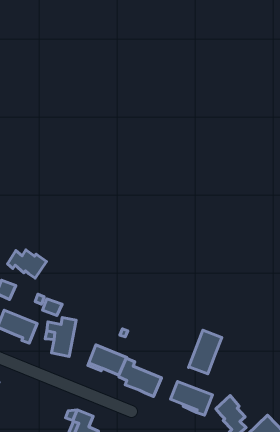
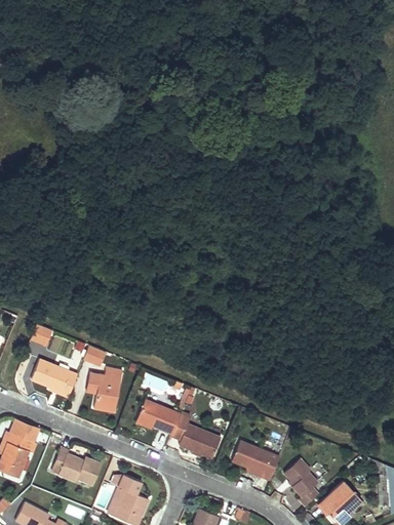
building: [8,250,47,278] -> none
building: [188,330,222,374] -> none
building: none -> [51,447,101,485]

